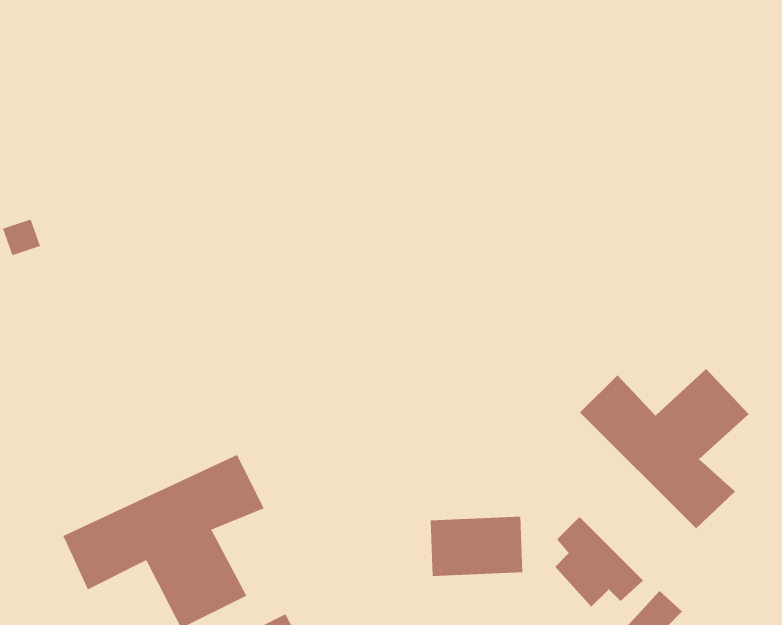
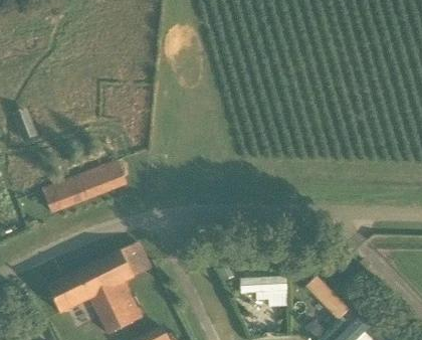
building: none -> [43,159,129,214]
building: [579,368,749,529] -> none

